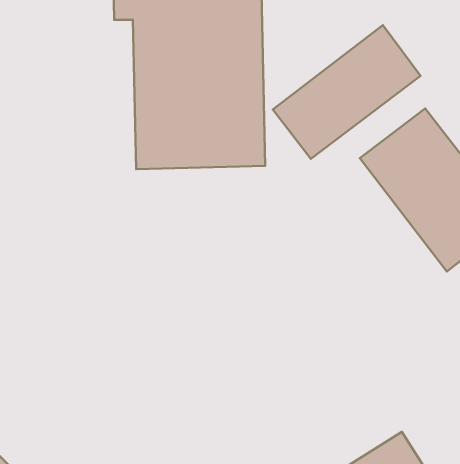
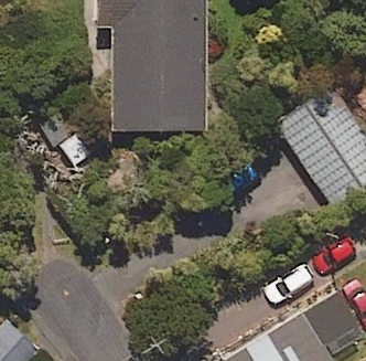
building: [273,25,420,159] -> none

